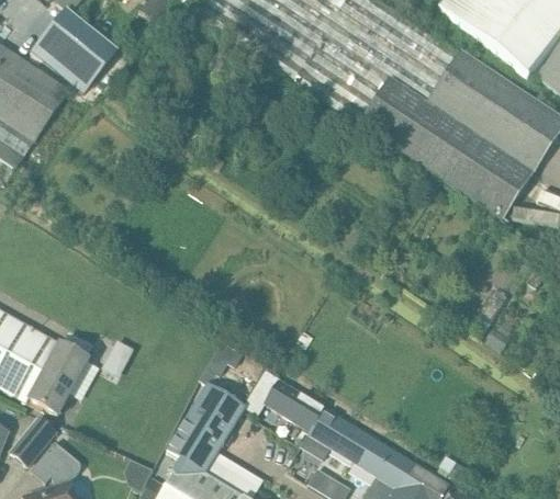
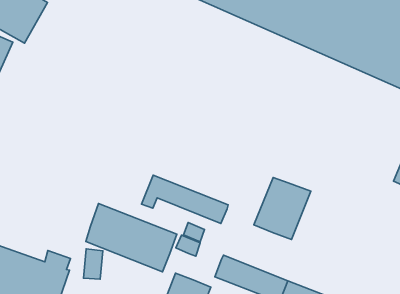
building: none -> [142,175,228,223]
building: none -> [86,204,177,272]
building: none -> [254,177,311,240]

